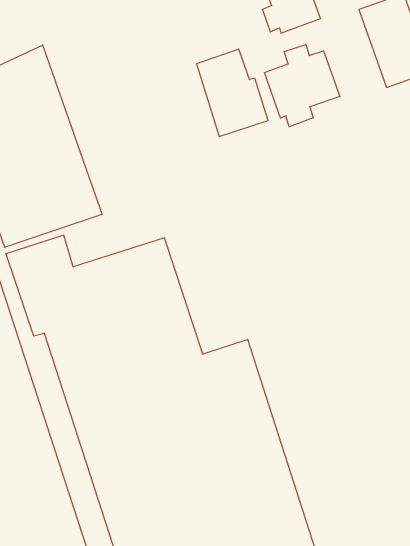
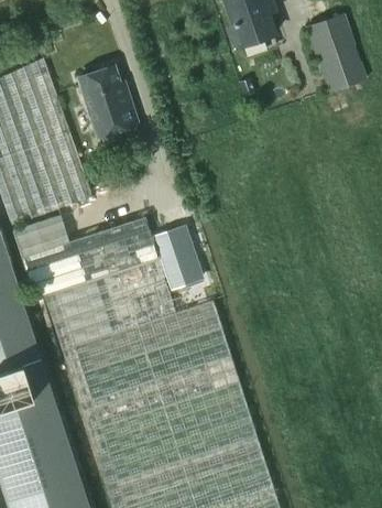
building: [264,44,340,127] -> none
building: [197,49,268,136] -> [78,66,138,139]
building: none -> [153,225,204,290]

